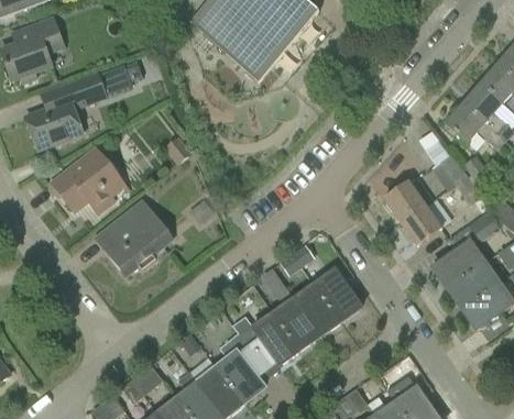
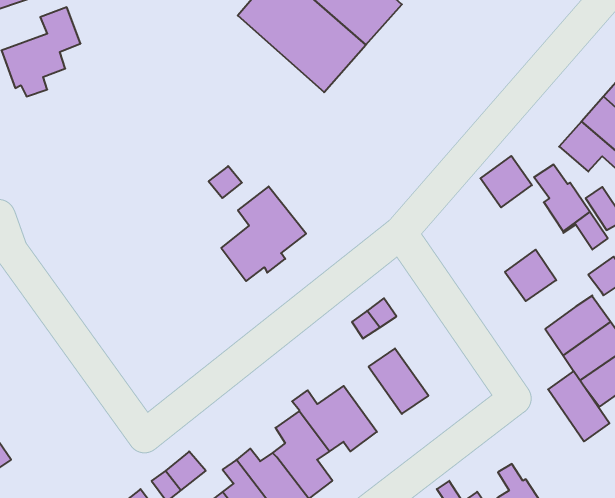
building: [28,71,107,147] -> none
building: [54,147,128,210] -> none
building: [384,183,425,223] -> [480,156,532,207]
building: [106,199,173,274] -> [221,186,306,281]
building: [314,269,361,321] -> none
building: [273,288,319,350] -> none
building: none -> [548,371,609,441]

